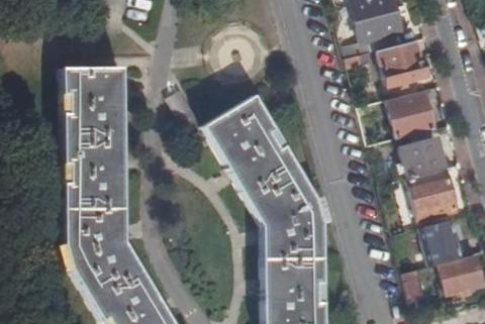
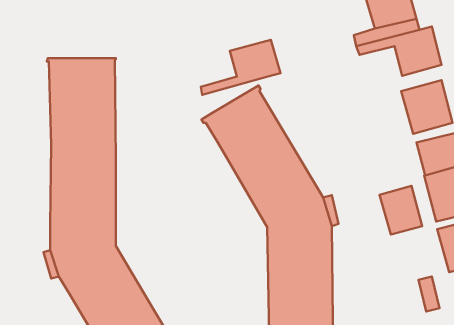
building: none -> [201,40,280,95]
building: none -> [379,186,422,234]

